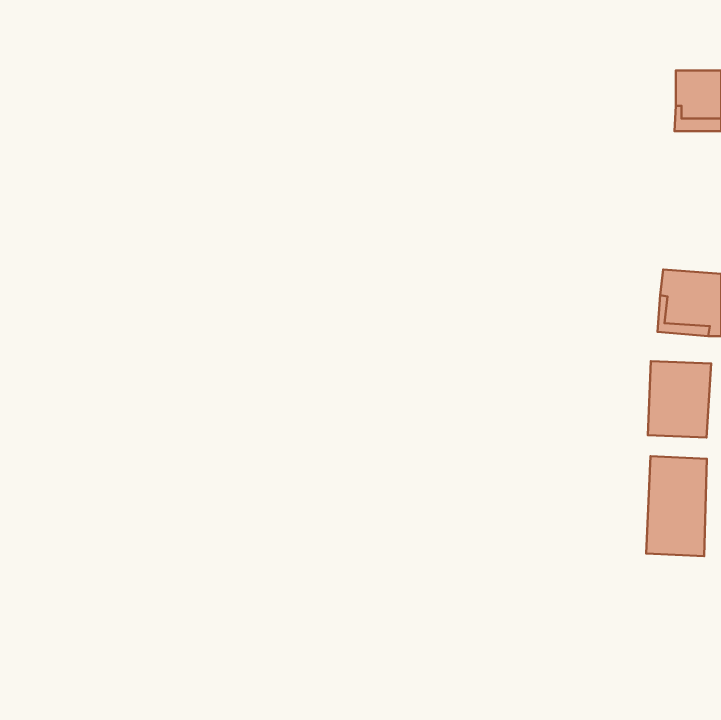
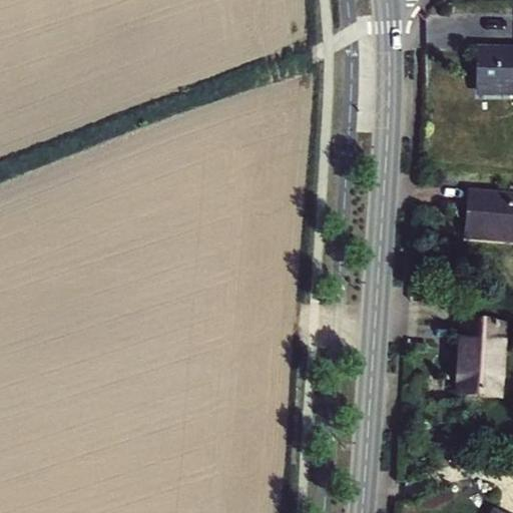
building: [648,361,711,437] -> none

